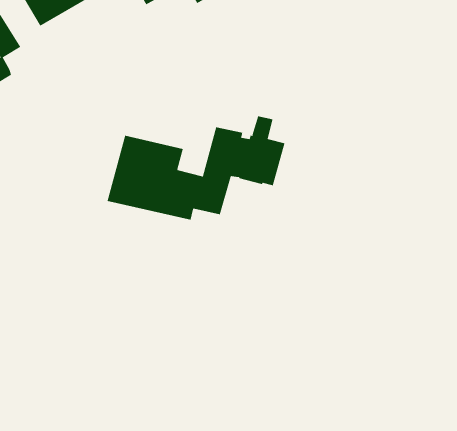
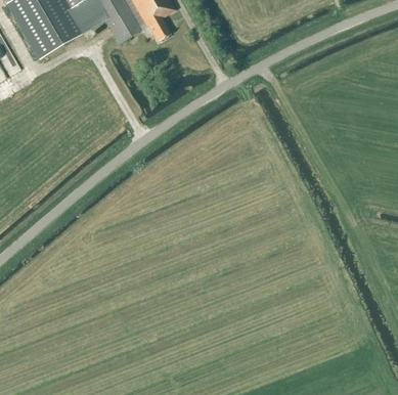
building: [107,115,285,220] -> none

